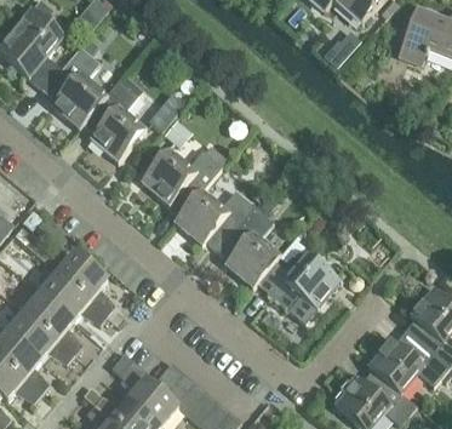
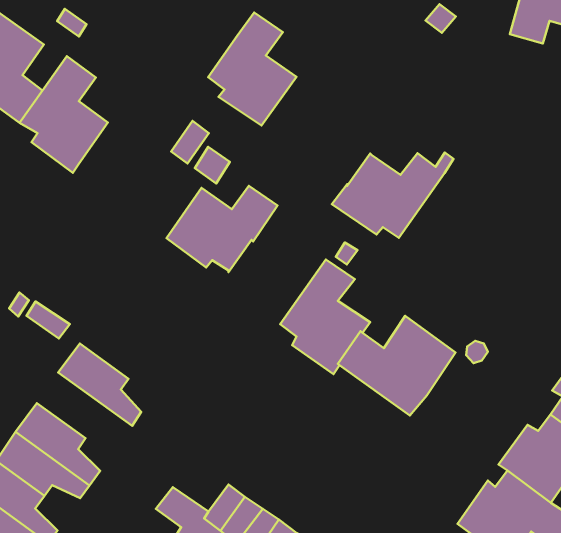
building: [82,80,145,161] -> [208,12,297,125]
building: [171,188,261,250] -> [332,153,454,238]
building: [39,271,105,324] -> none

